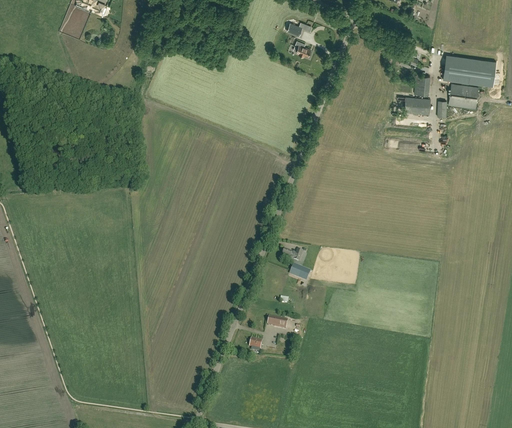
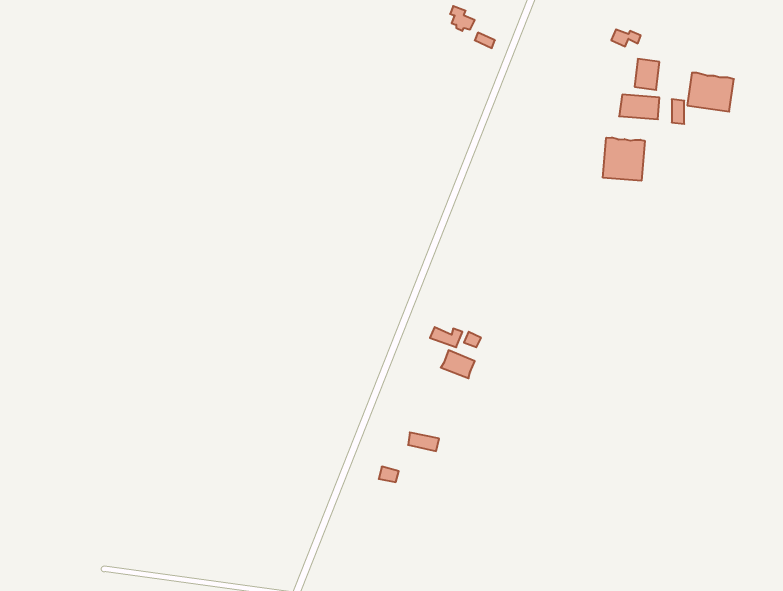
building: [444,65,488,88] -> none
building: none -> [603,137,645,181]

